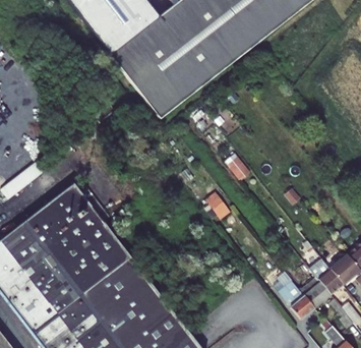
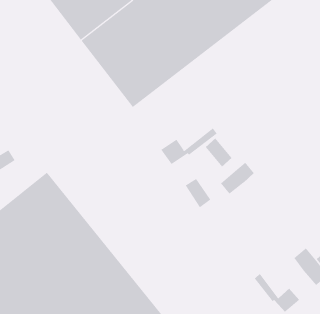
building: none -> [161,128,218,165]
building: none -> [220,162,255,194]
building: [304,276,332,303] -> none

